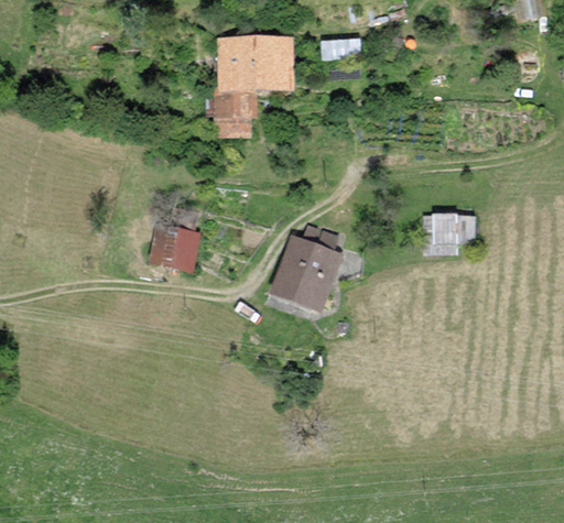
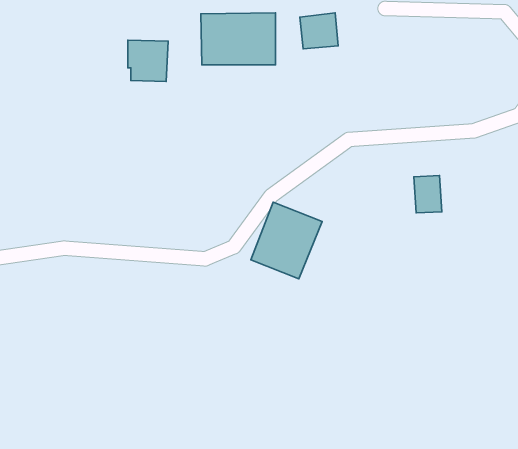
building: [214,92,256,135] -> [128,40,168,82]
building: [149,225,198,269] -> none

